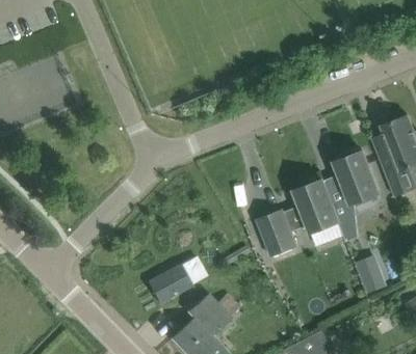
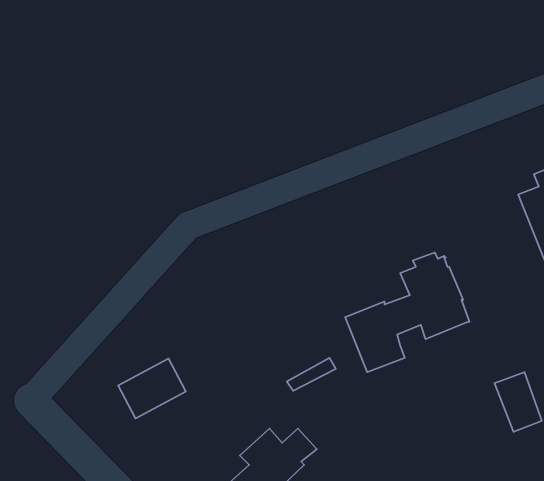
building: [322,149,380,242] -> none
building: [148,264,192,303] -> [118,359,186,418]

